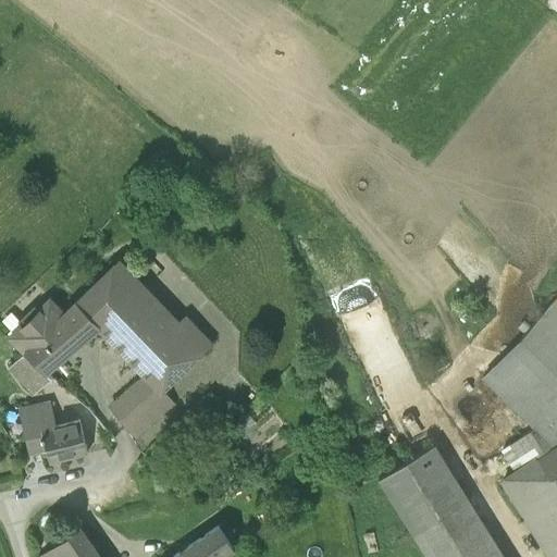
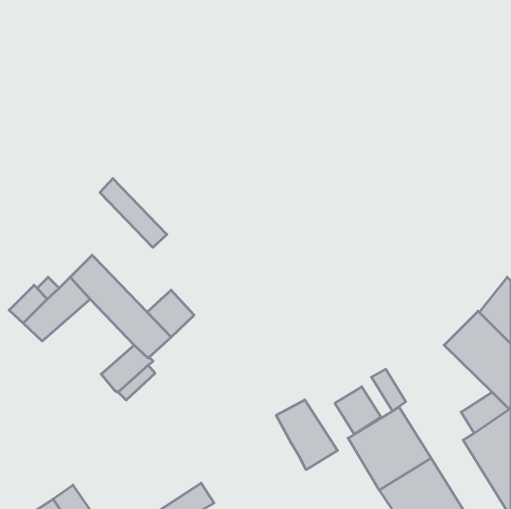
building: [102,267,175,342] -> [100,178,167,247]
building: [10,354,52,395] -> none
building: none -> [371,369,406,411]
building: [26,405,87,463] -> none
building: none -> [335,387,381,434]
building: none -> [276,400,338,470]

